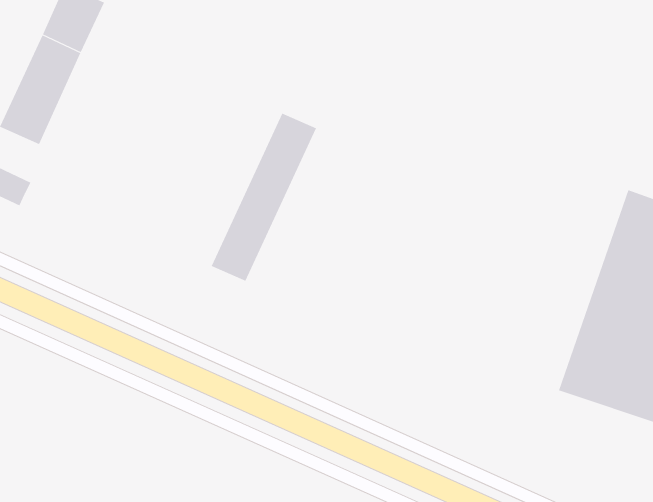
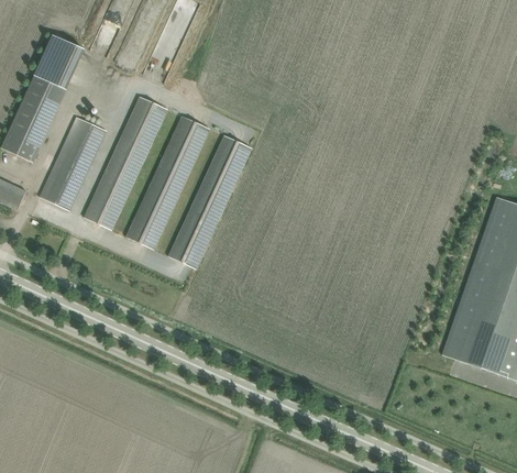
building: none -> [84,96,166,230]
building: none -> [125,116,209,249]
building: none -> [39,117,106,210]

